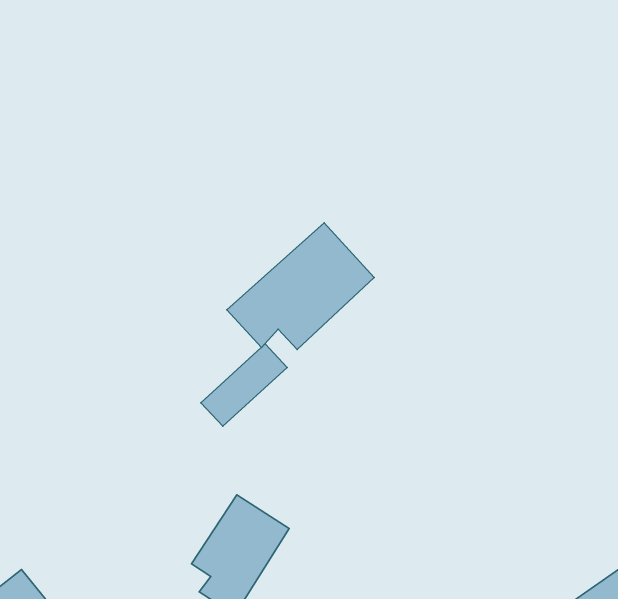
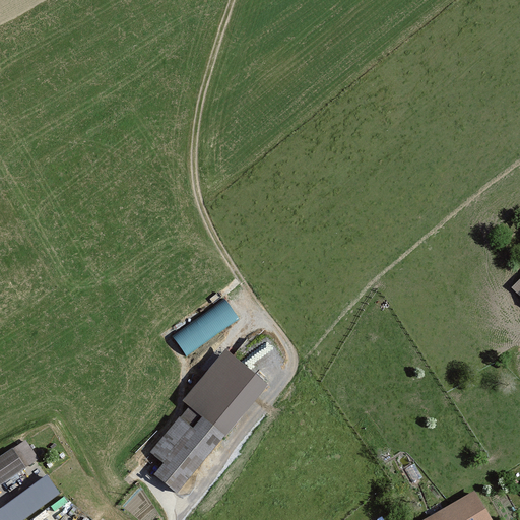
building: [227,223,374,349] -> none
building: none -> [184,352,266,436]

